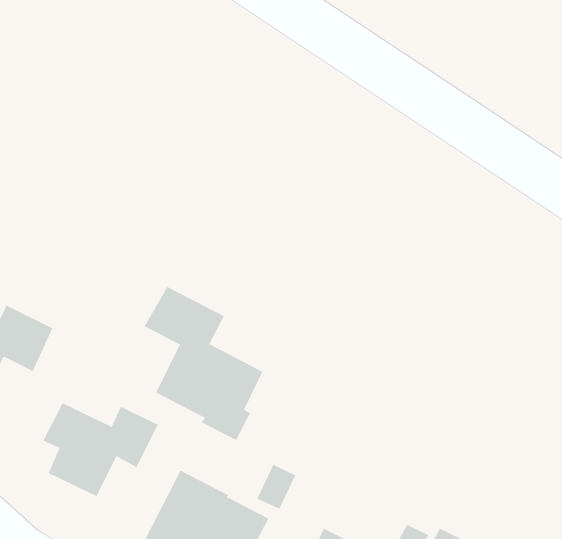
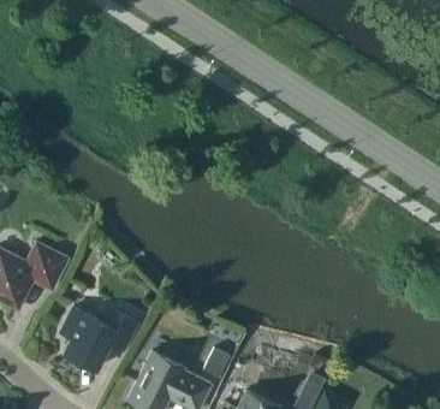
building: [144,286,263,441] -> none

